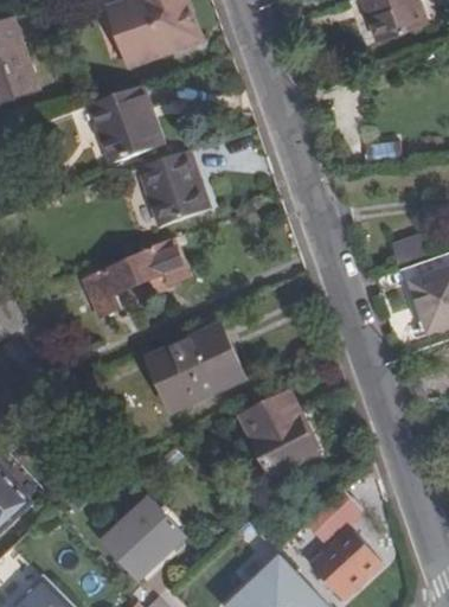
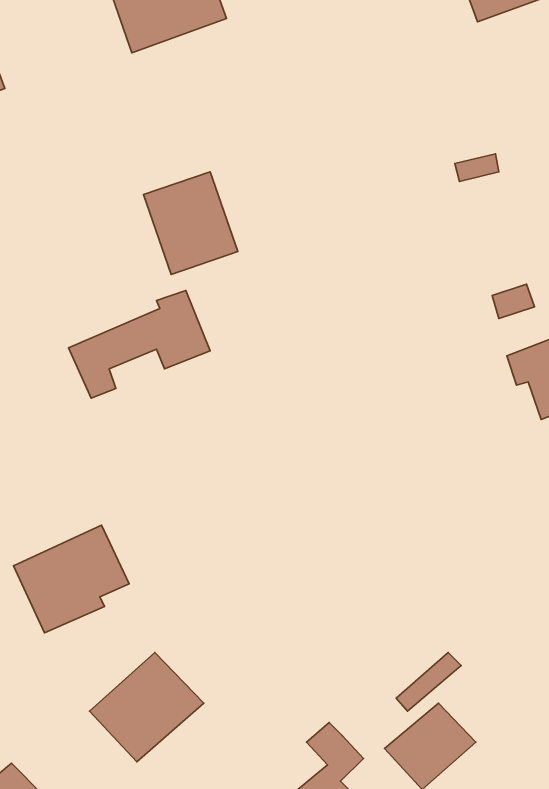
building: [83,84,154,164] -> none
building: [150,326,235,404] -> [13,525,129,633]
building: [240,389,316,472] -> none

